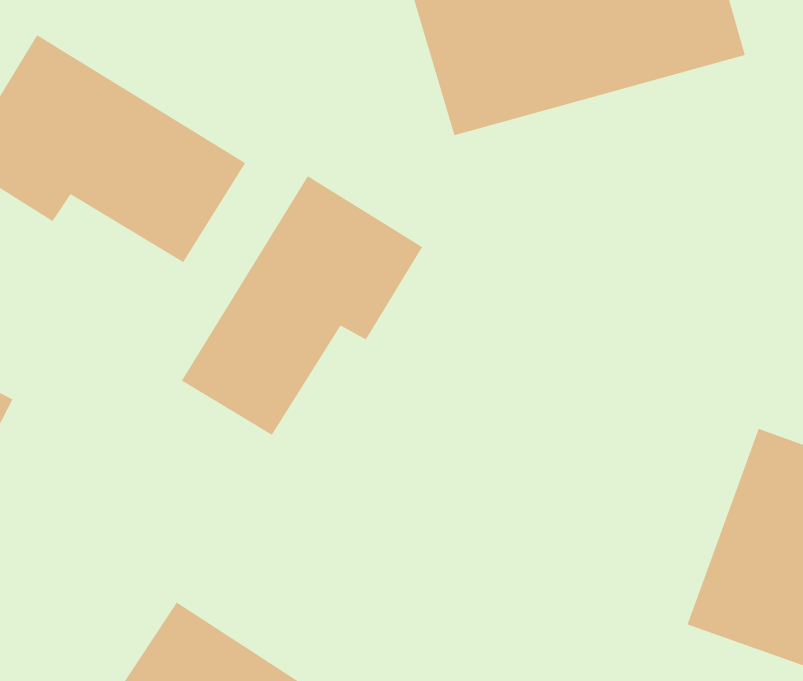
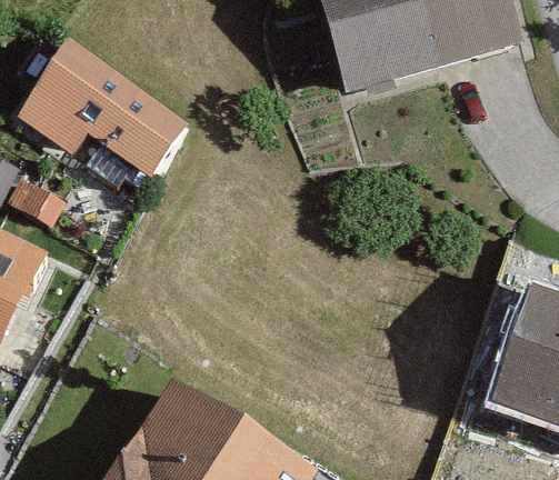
building: [181,175,423,436] -> none

